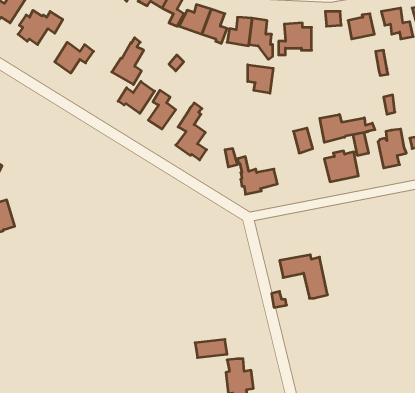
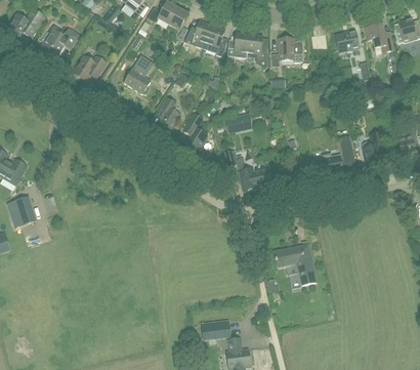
building: [248,65,273,93] -> none
building: [118,81,155,113] -> none
building: [320,114,375,142] -> none

